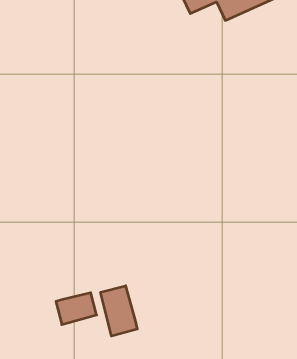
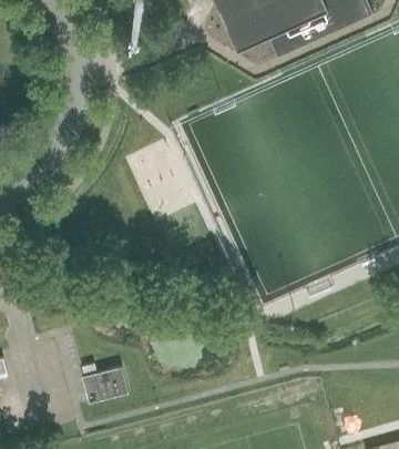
building: [101,286,137,336] -> none

